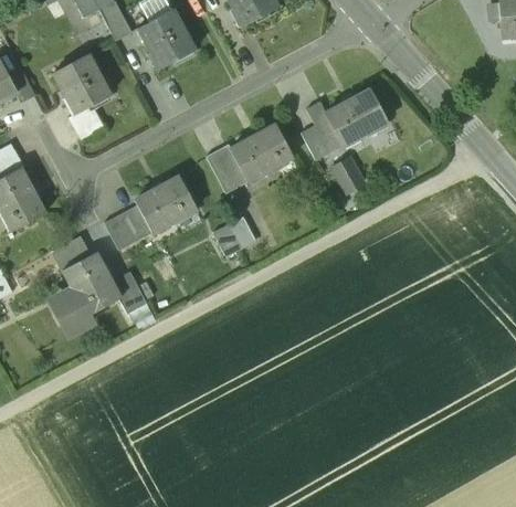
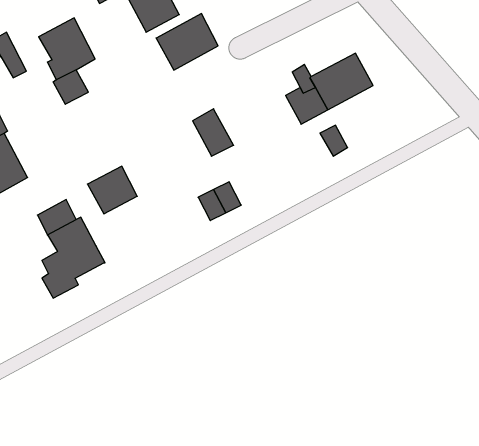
building: [231,125,293,181] -> [156,14,218,70]
building: [135,176,197,232] -> none
building: [112,271,147,314] -> none

